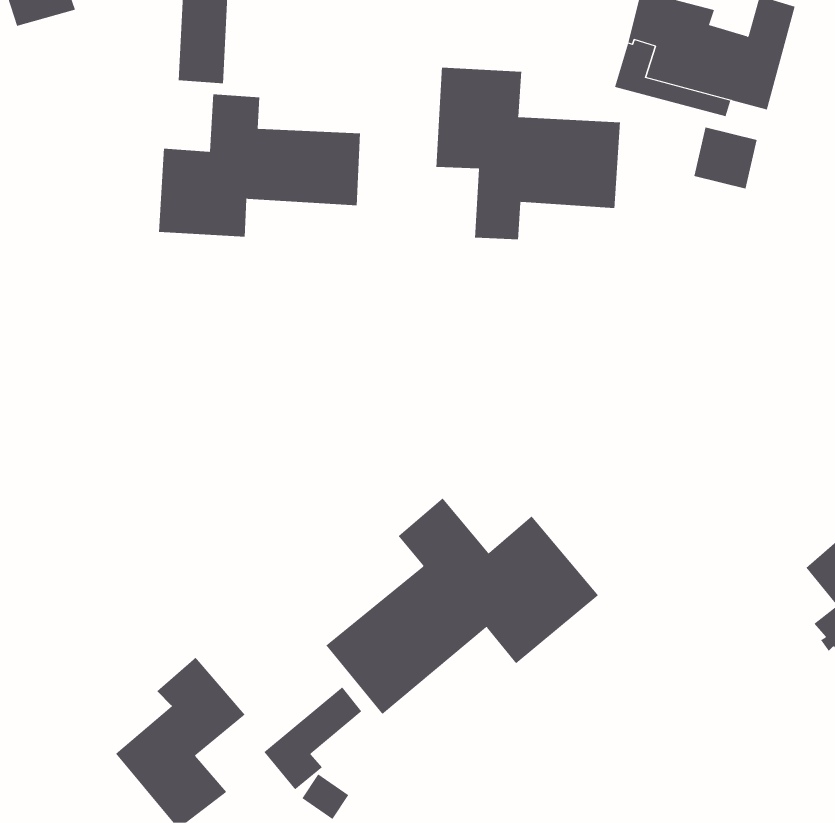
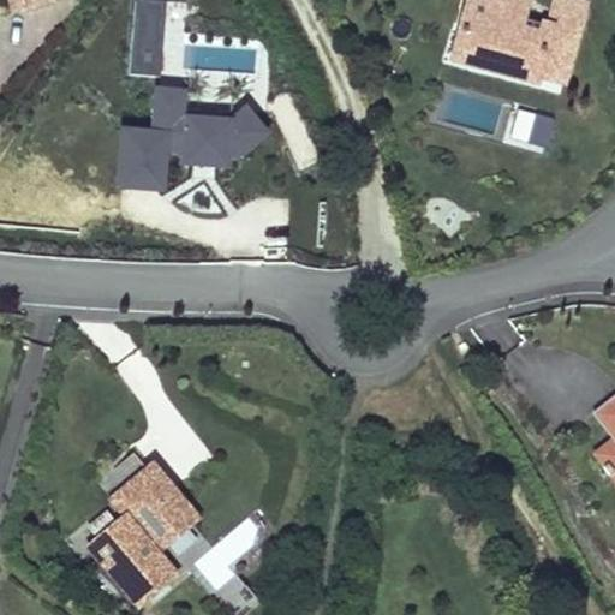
building: [436,67,621,240] -> none
building: [326,498,599,715] -> none

